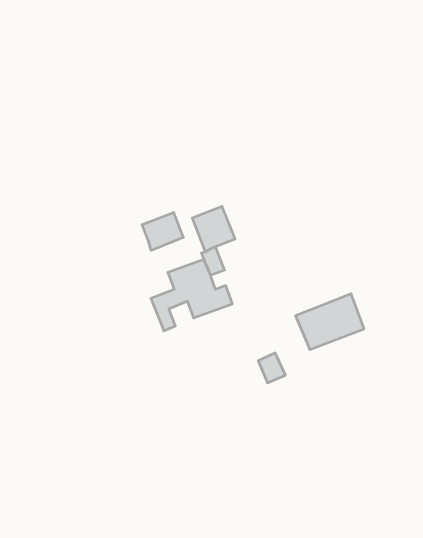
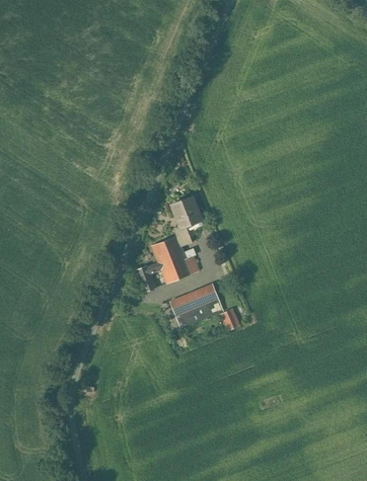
building: [142,212,183,250] -> none
building: [296,294,364,350] -> [169,284,223,327]

